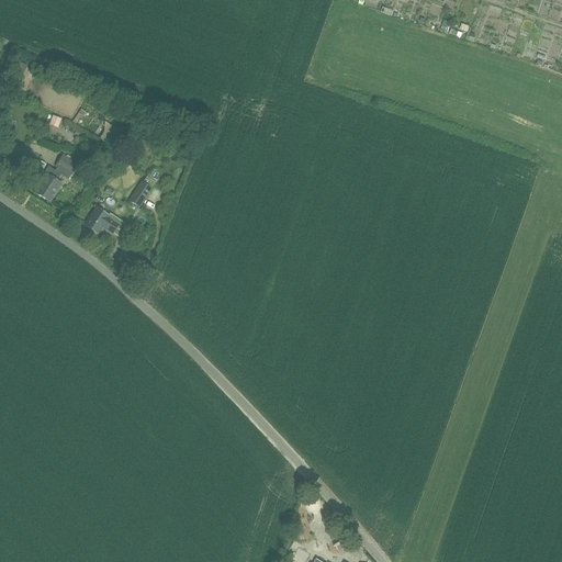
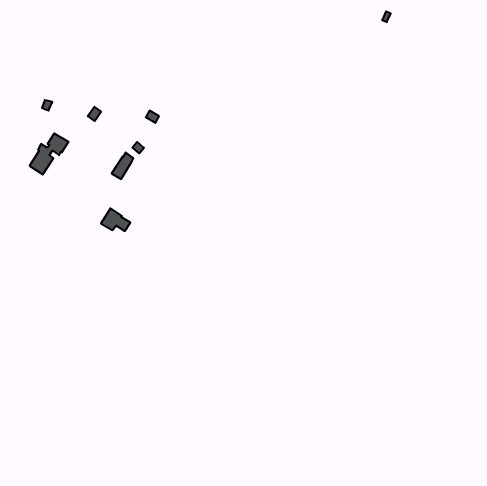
building: [85,206,119,233] -> [101,208,130,231]

